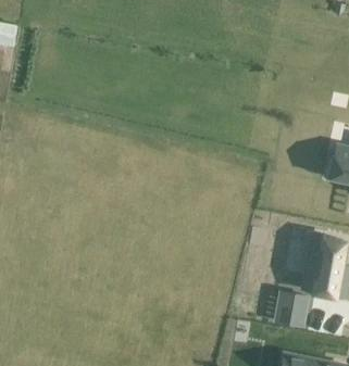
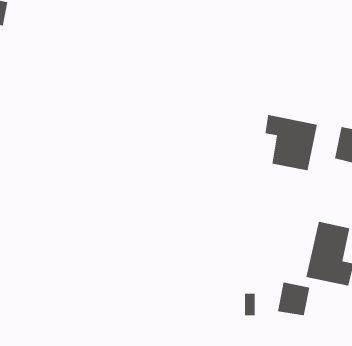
building: none -> [265,114,317,171]

